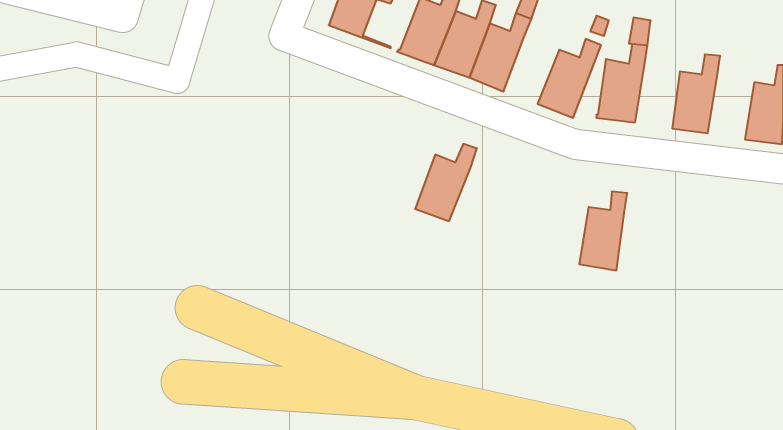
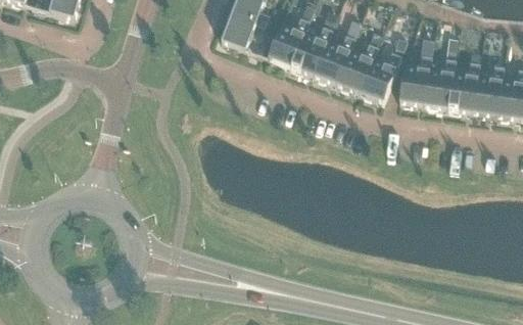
building: none -> [471,63,503,115]
building: [415,144,477,221] -> [336,41,377,92]
building: [579,192,627,270] -> [423,56,455,108]

